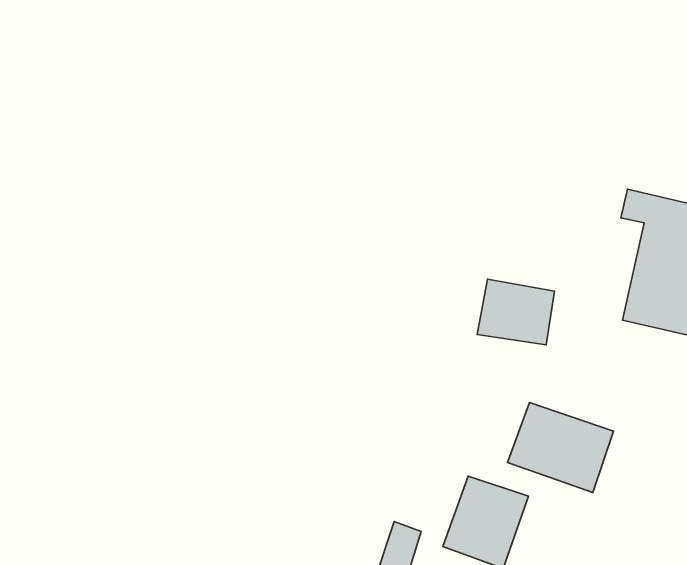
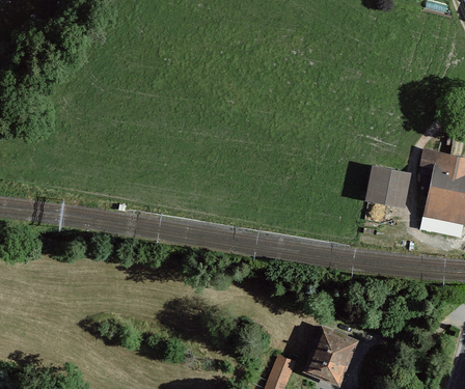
building: [477,279,554,345] -> [363,167,411,207]
building: [508,403,613,492] -> none

